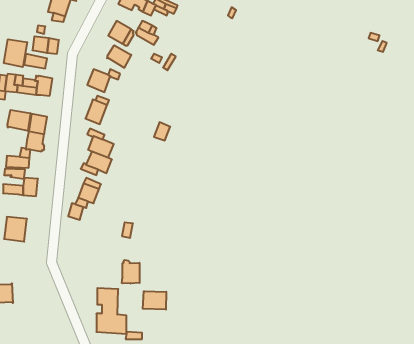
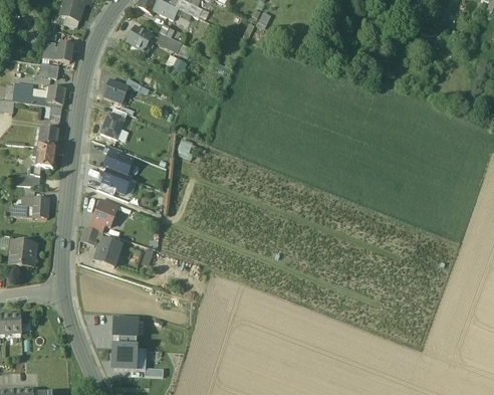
building: [4,39,27,67] -> none
building: [107,45,131,68] -> none
building: [8,110,30,131] -> none
building: none -> [94,237,120,265]
building: [122,260,140,284] -> none
building: [143,291,166,310] -> none

